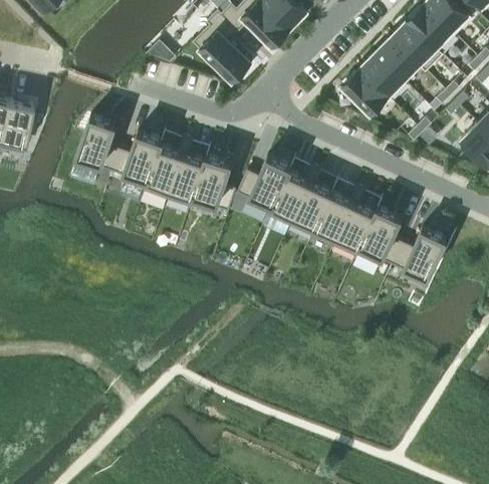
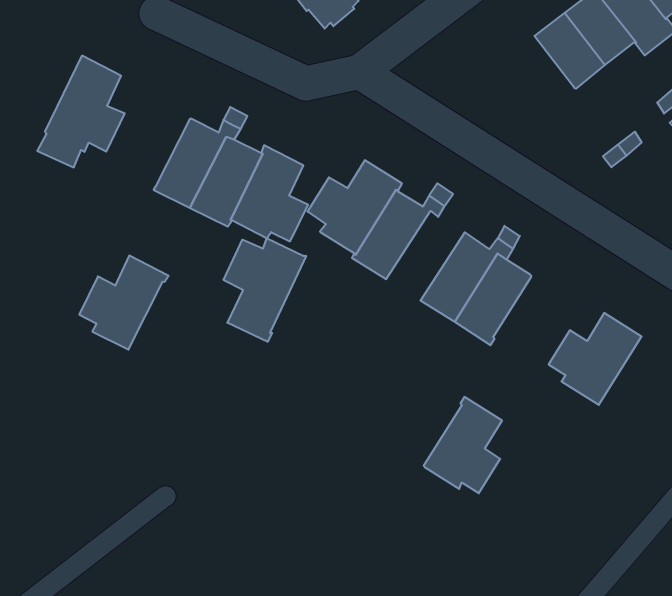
building: [343,66,393,114] -> none
building: [114,130,165,186] -> [79,255,169,350]
building: [291,179,334,233] -> none
building: [359,205,405,261] -> [424,397,502,493]
building: none -> [224,238,306,342]

